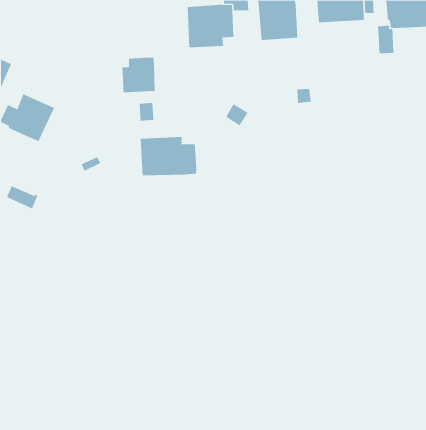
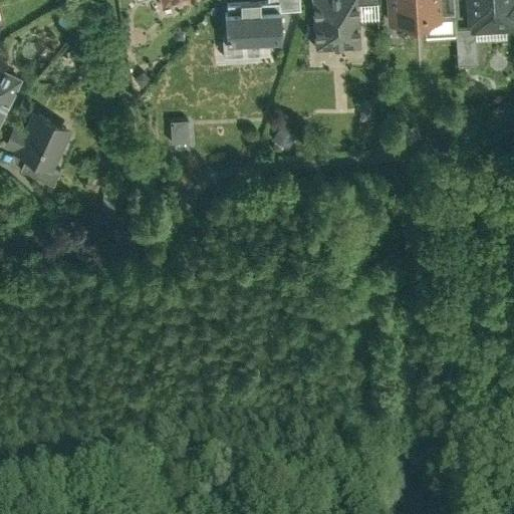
building: [122,57,155,93] -> none
building: [140,136,197,176] -> none
building: [6,186,38,209] -> [19,158,57,186]

